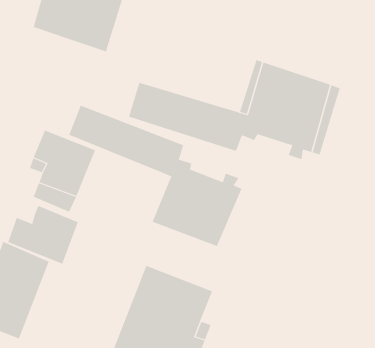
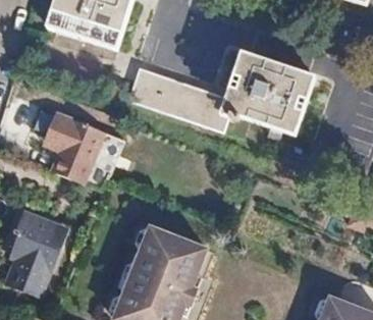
building: [69,105,242,247] -> none
building: [8,205,78,264] -> none

